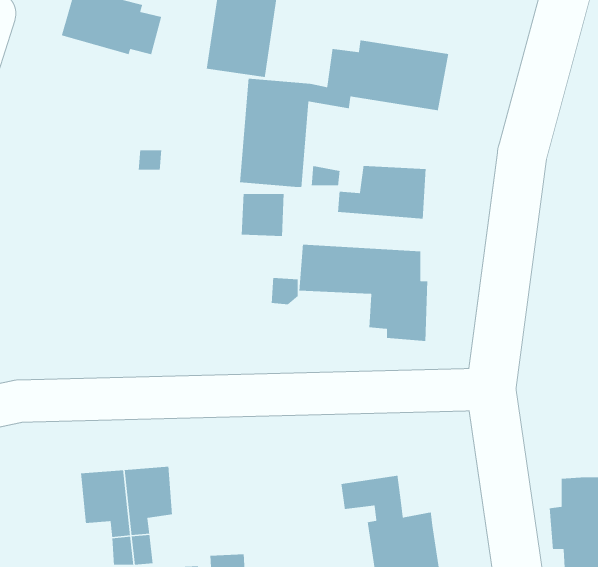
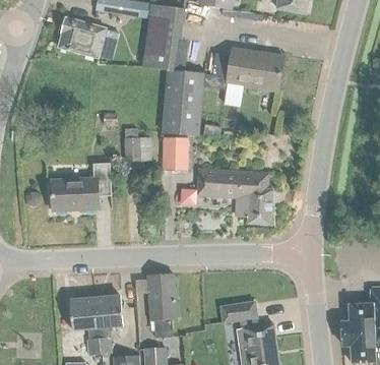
building: [337,165,427,220] -> none
building: none -> [124,128,150,161]
building: none -> [51,163,111,210]
building: none -> [147,273,176,337]

